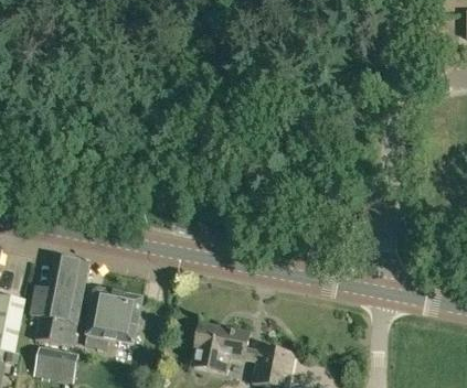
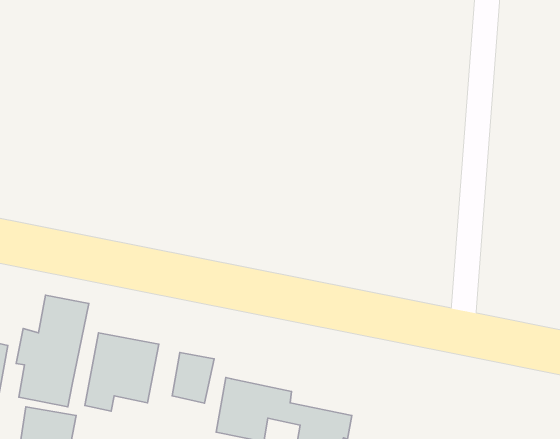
building: none -> [172,352,214,403]

